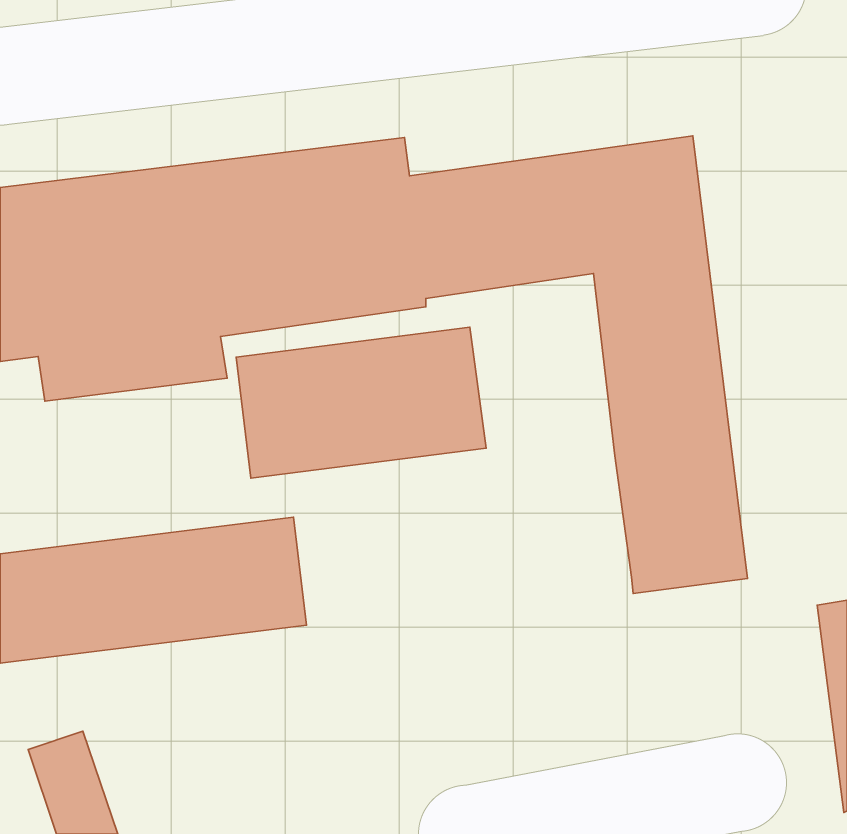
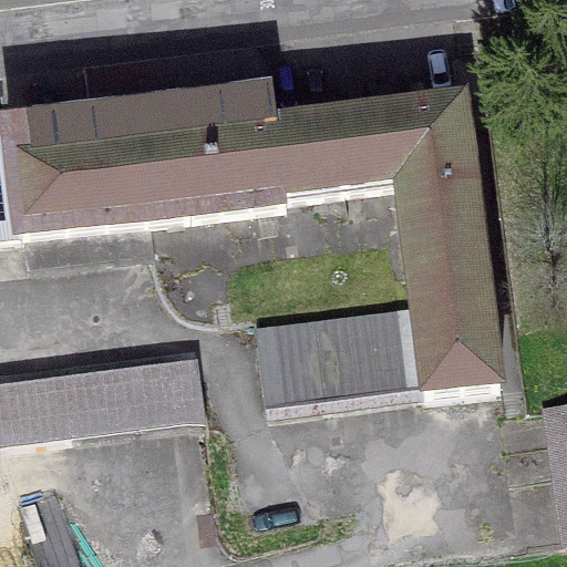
building: [236,327,486,478] -> [255,305,422,405]

